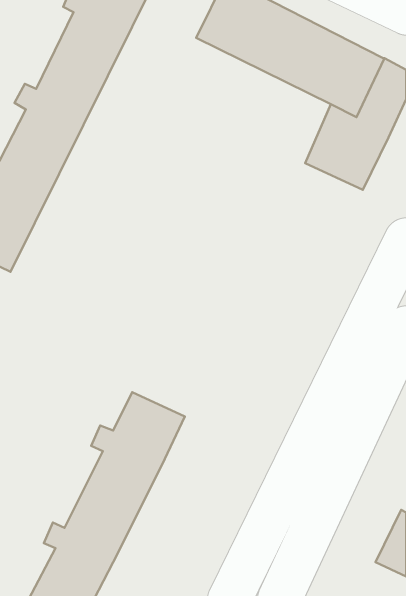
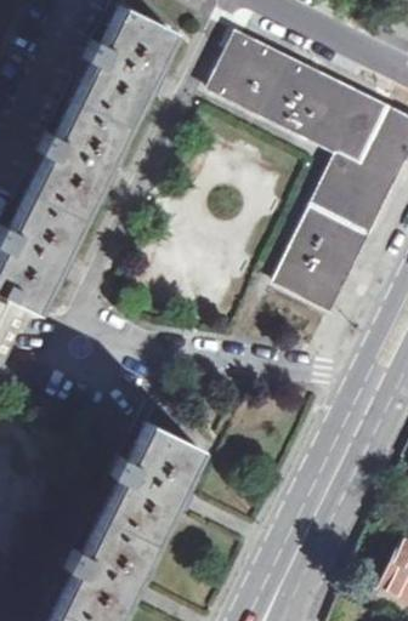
building: none -> [274,206,366,308]

